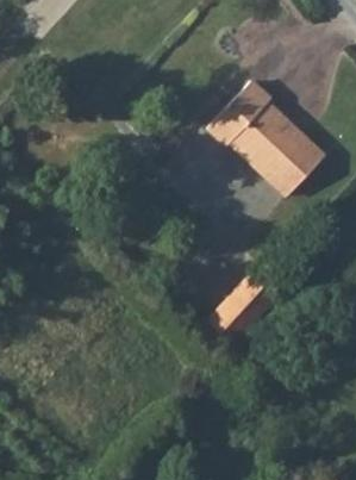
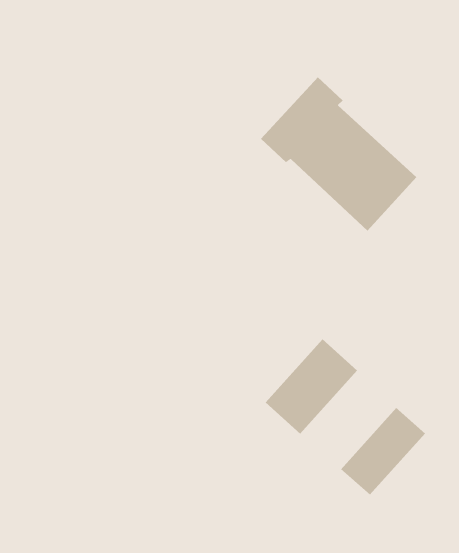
building: none -> [340,407,426,496]

